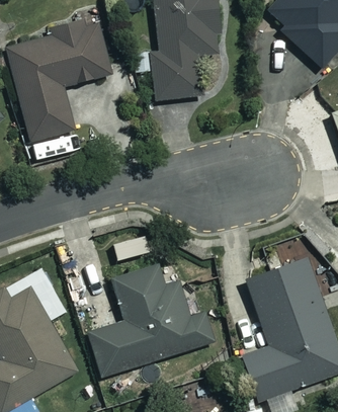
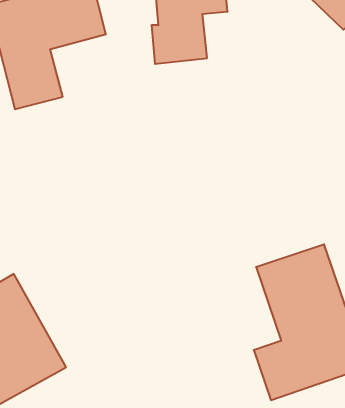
building: [89,261,212,376] -> none

